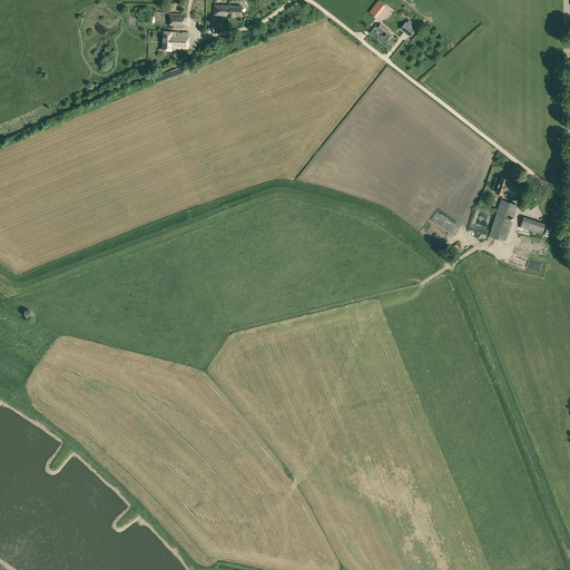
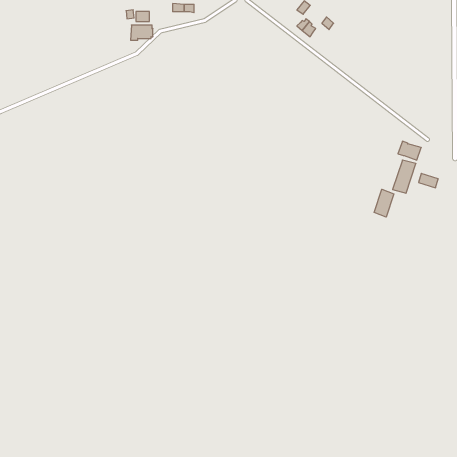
building: none -> [374,189,394,217]

